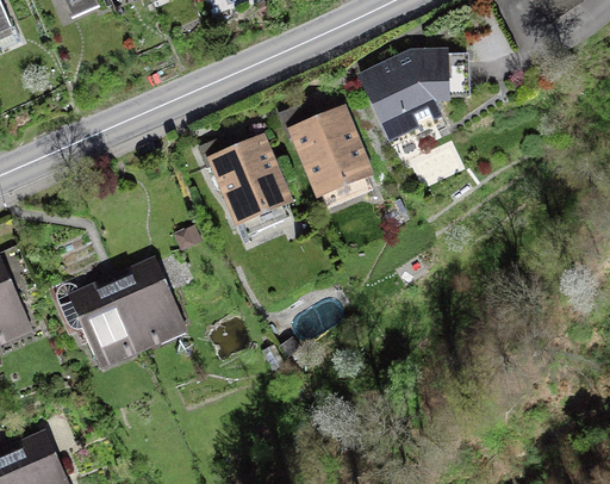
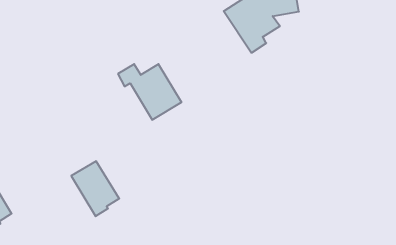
building: [280,105,367,188] -> none
building: [61,280,142,358] -> none

